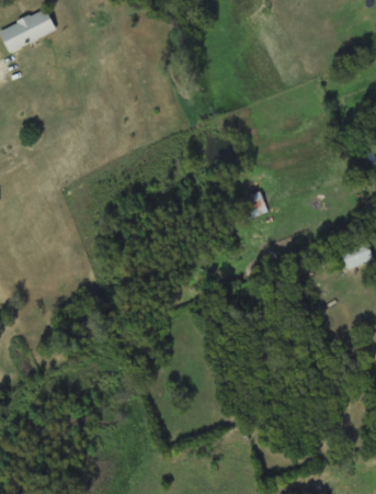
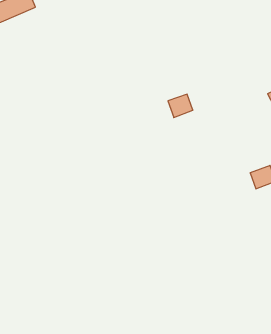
building: [235,191,267,222] -> [168,94,193,118]

